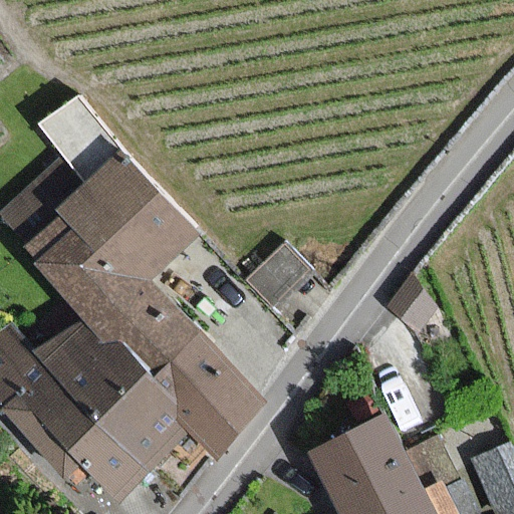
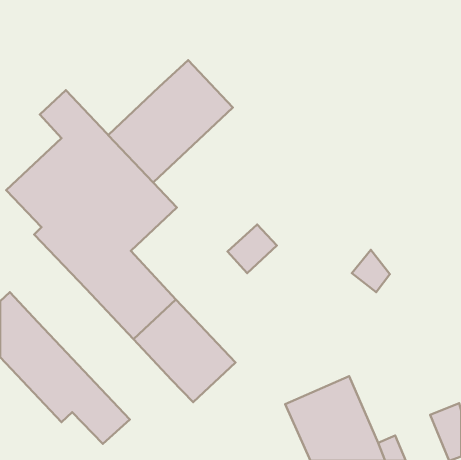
building: none -> [108,60,233,182]
building: [42,322,191,468] -> none

